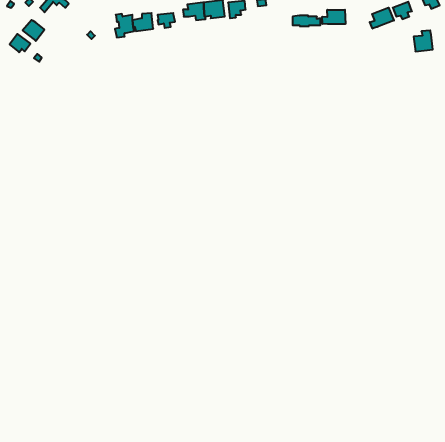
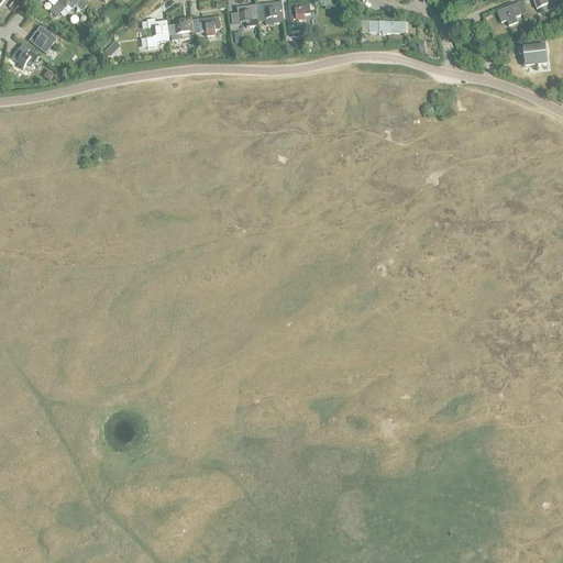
building: [370,8,394,29] -> none
building: [322,10,345,24] -> none

